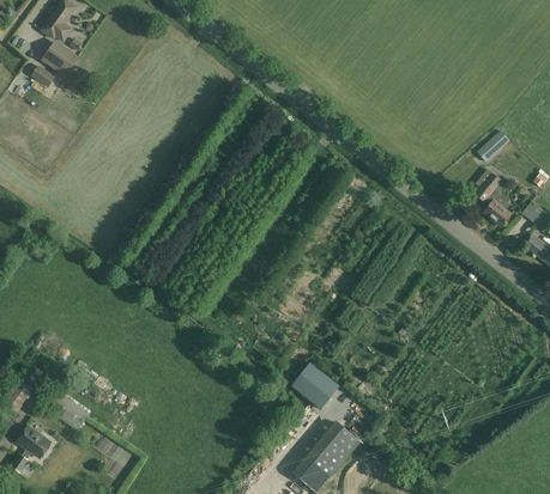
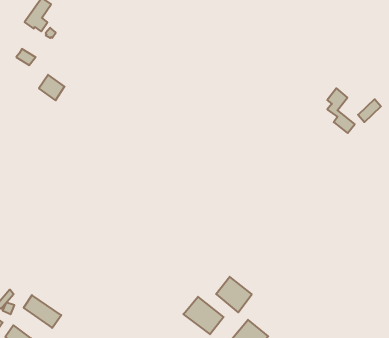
building: [42,42,75,75] -> [39,75,65,100]
building: [476,167,512,226] -> [327,88,355,133]
building: none -> [183,297,224,334]

